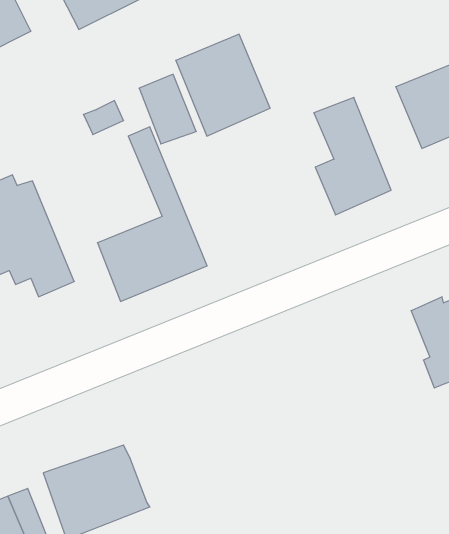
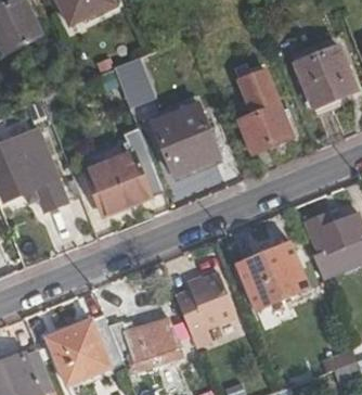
building: [176,34,270,136] -> [151,109,217,180]
building: none -> [235,241,307,308]
building: none -> [173,270,235,345]
building: none -> [107,318,177,370]

